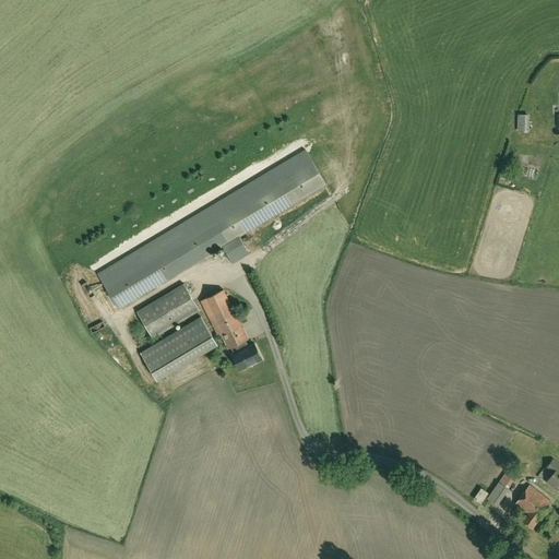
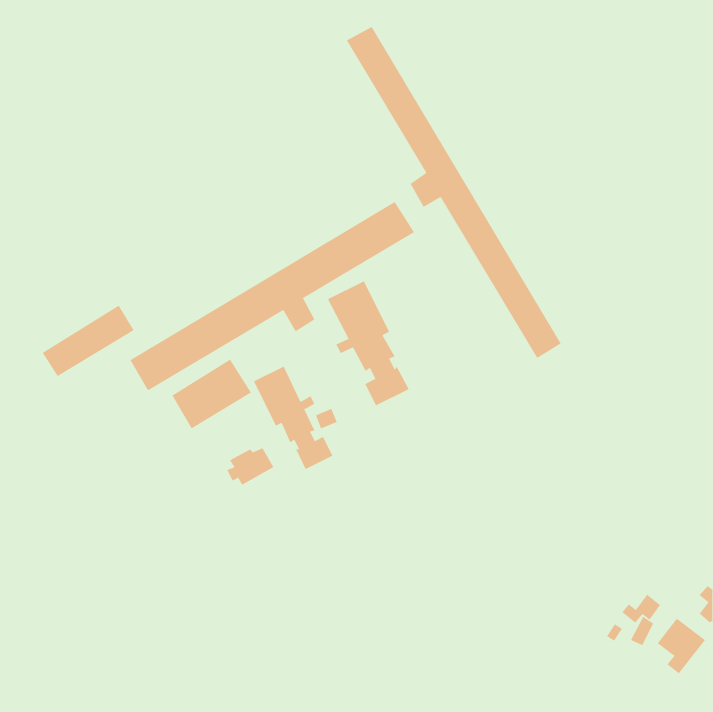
building: none -> [346,26,562,359]
building: none -> [327,280,409,406]
building: [136,311,209,367] -> [42,305,135,377]

